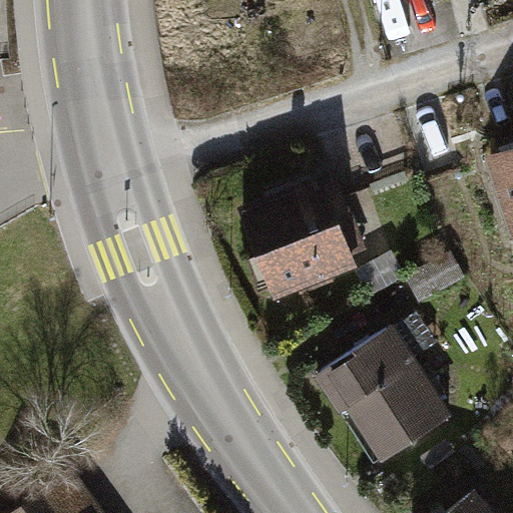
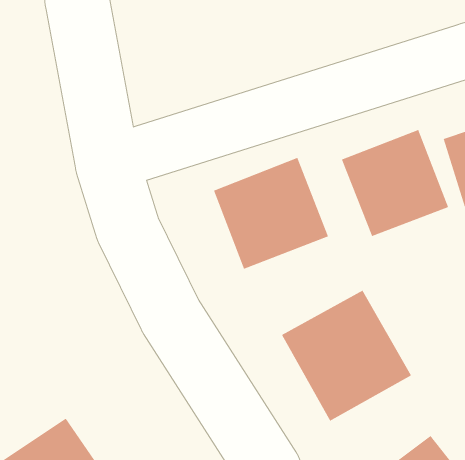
building: none -> [341,129,449,237]

